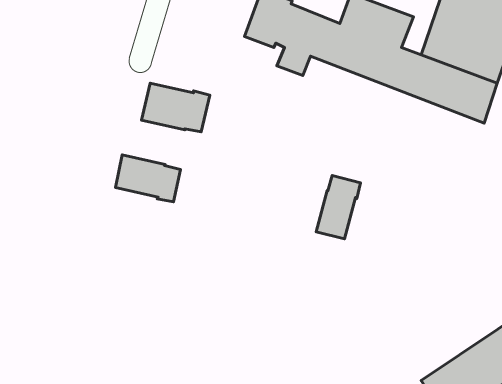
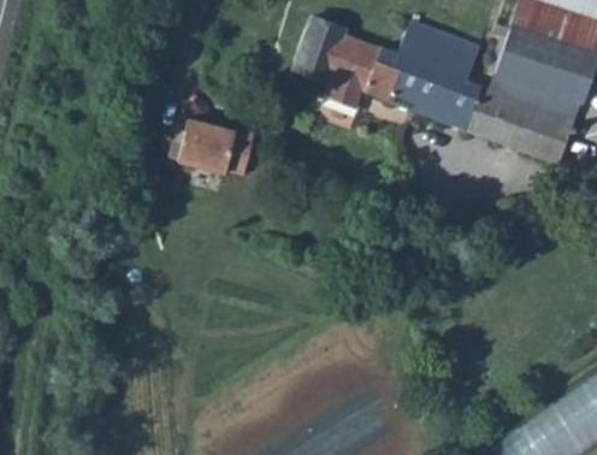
building: [115,155,180,202] -> none
building: [316,176,360,239] -> none

